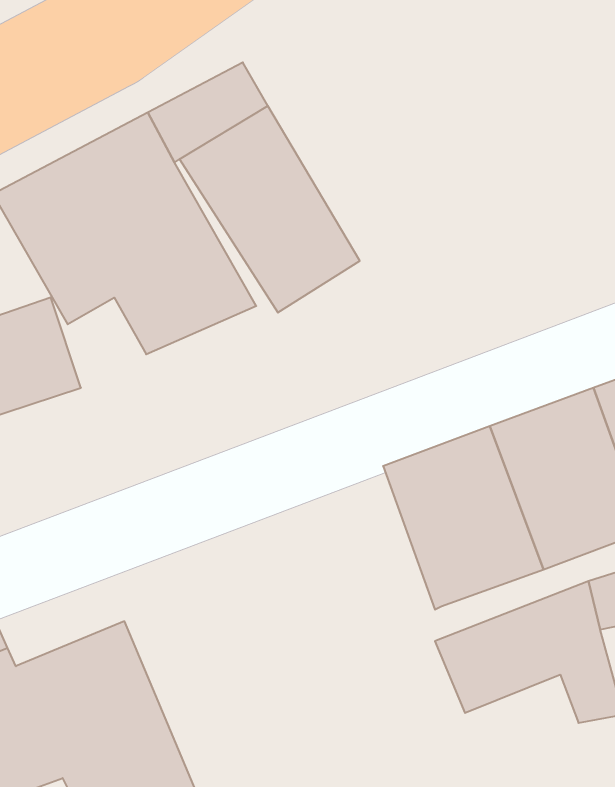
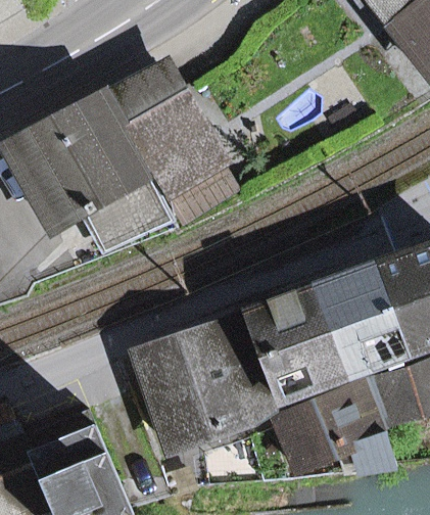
building: none -> [137,316,282,451]

